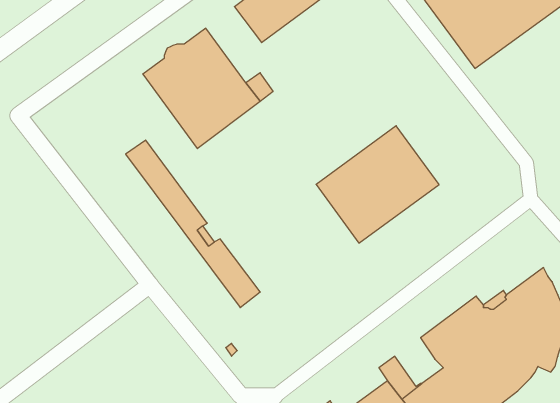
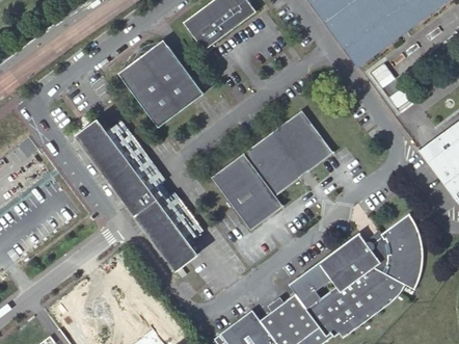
building: none -> [76,120,197,270]
building: none -> [210,153,282,231]
building: none -> [300,264,329,299]

